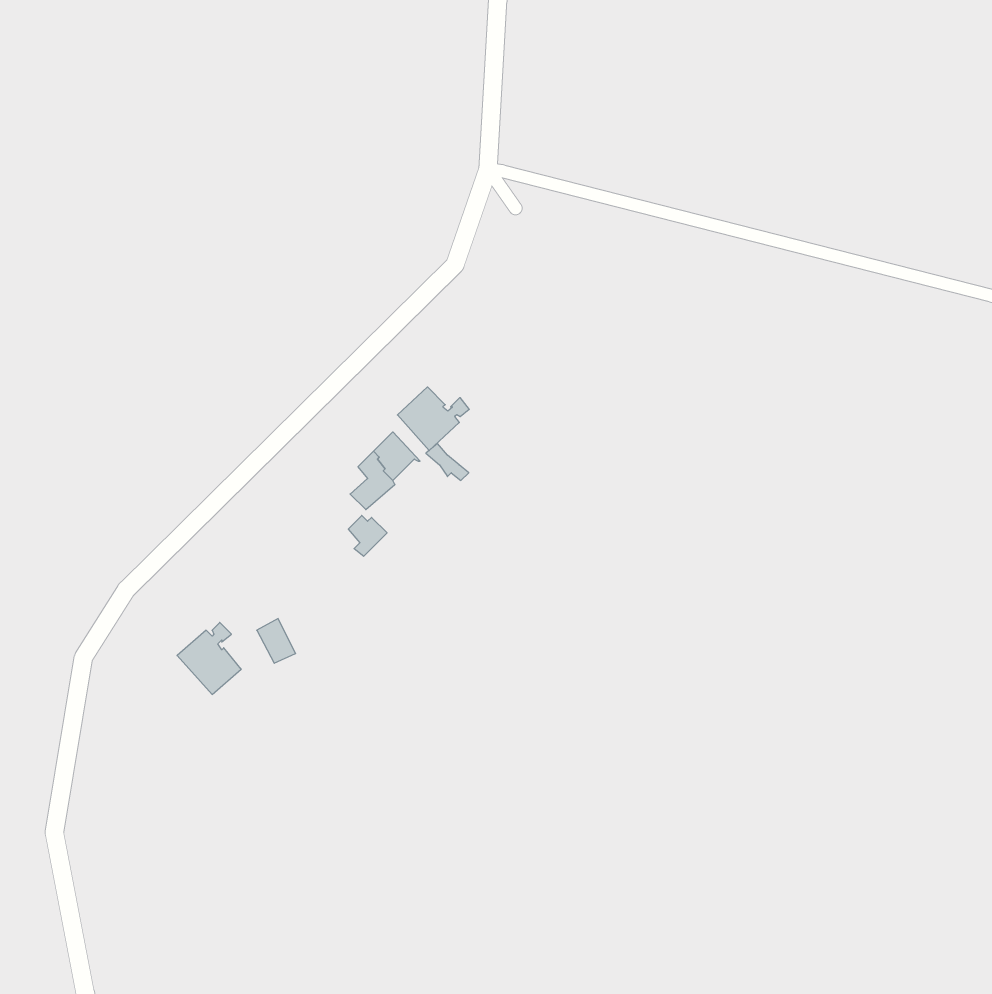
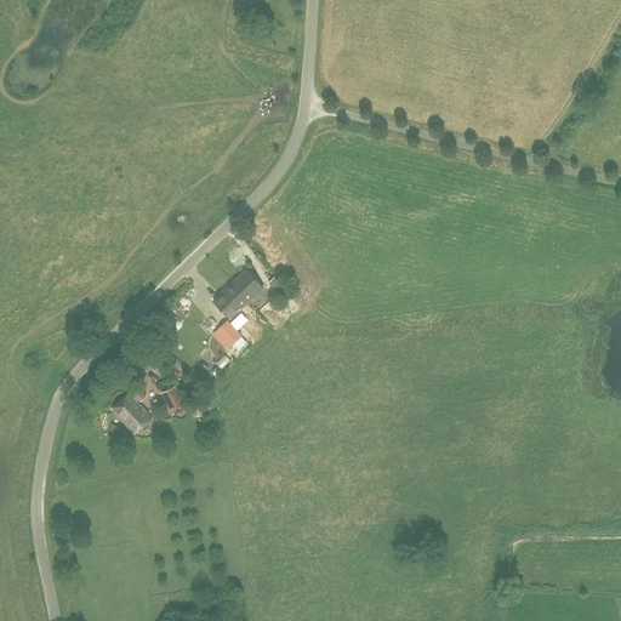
building: [397,387,469,451] -> none

